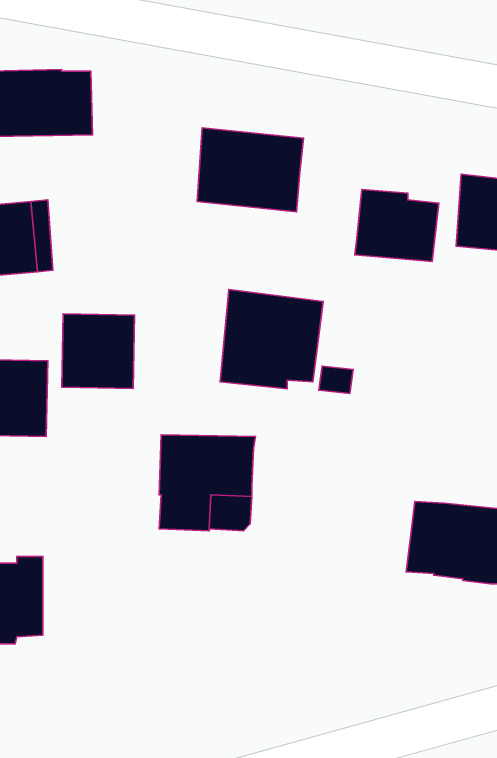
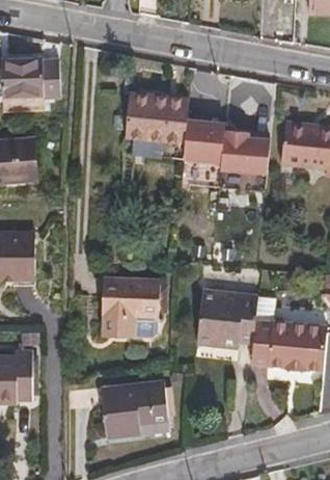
building: none -> [183,119,225,161]
building: [220,289,323,389] -> [197,288,259,348]
building: [62,314,134,389] -> none
building: none -> [101,379,168,437]

